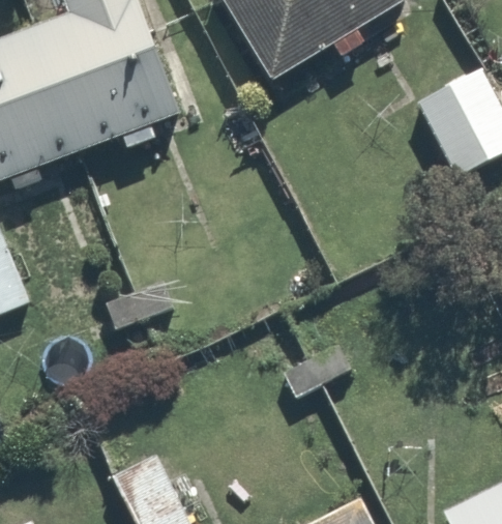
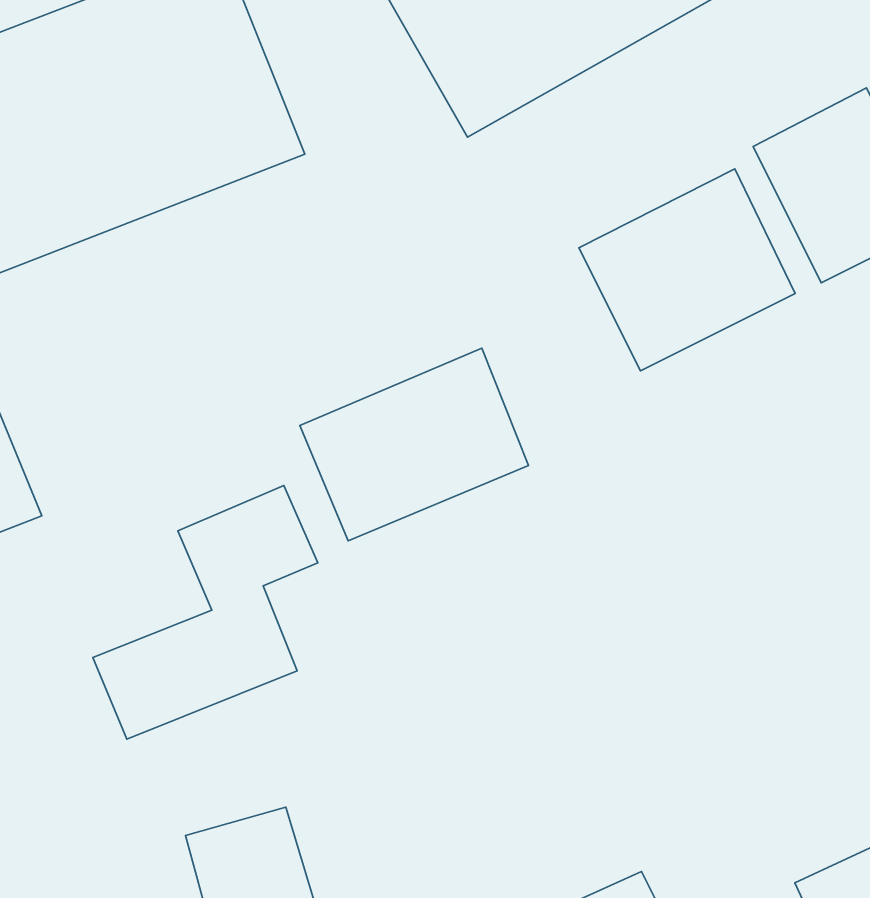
building: none -> [579,169,795,371]
building: none -> [300,348,529,541]

